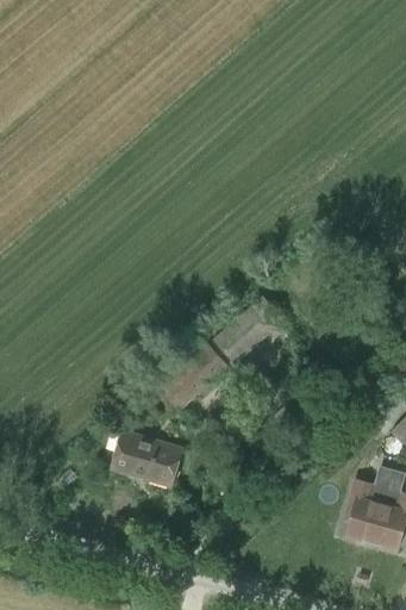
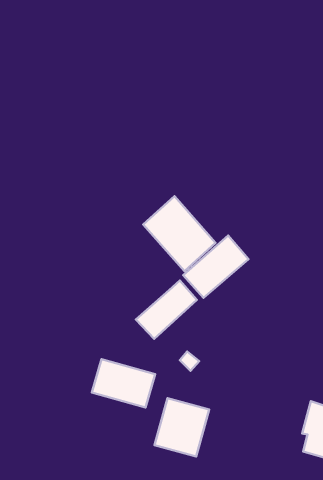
building: none -> [143,196,216,271]
building: none -> [154,398,209,457]

